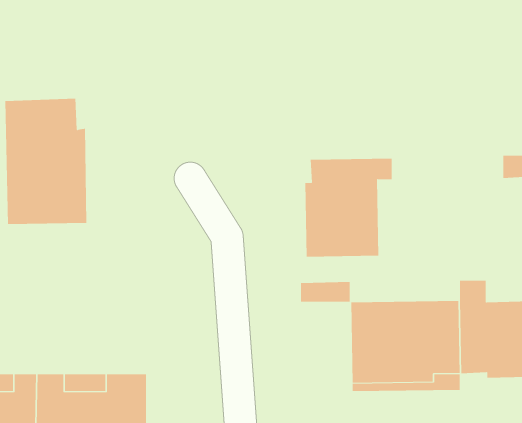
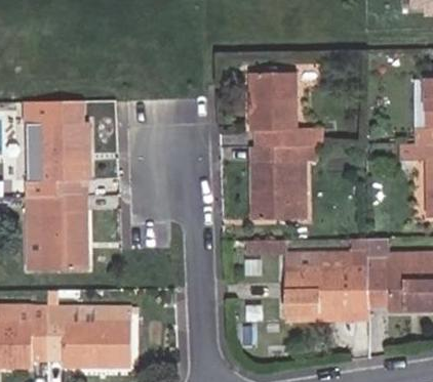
building: none -> [249,73,321,146]
building: none -> [26,195,88,270]

